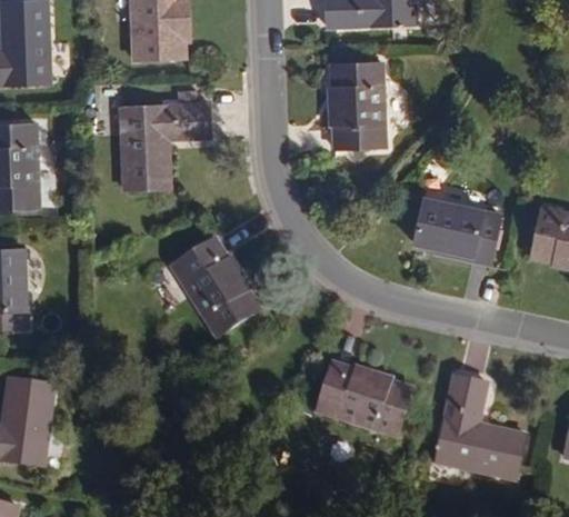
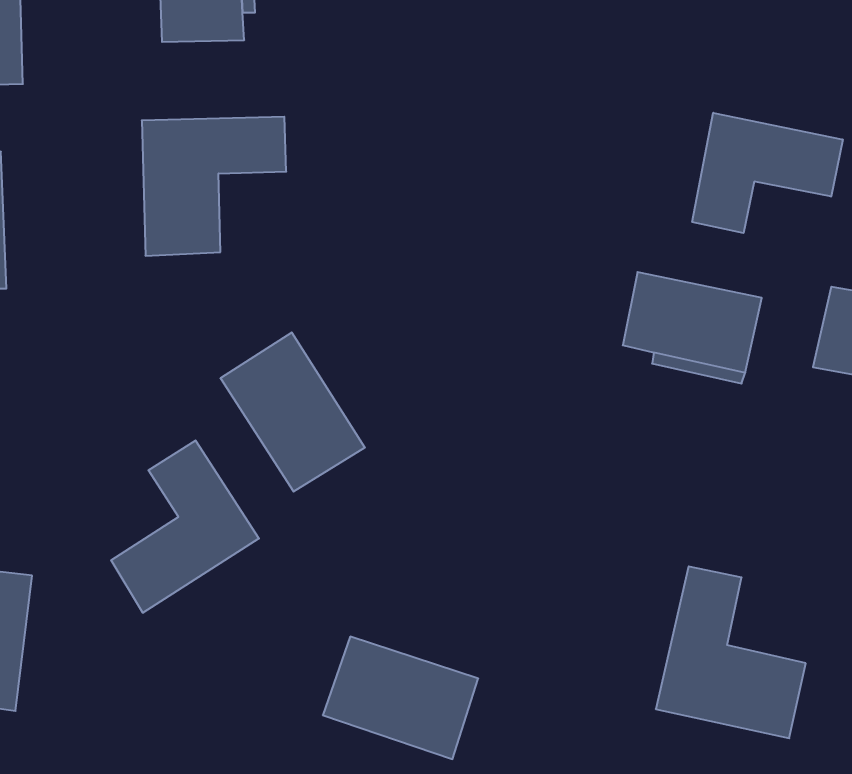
building: [331,63,383,148] -> none
building: none -> [692,113,843,233]
building: none -> [111,440,259,613]
building: [313,361,408,436] -> [323,637,478,759]

